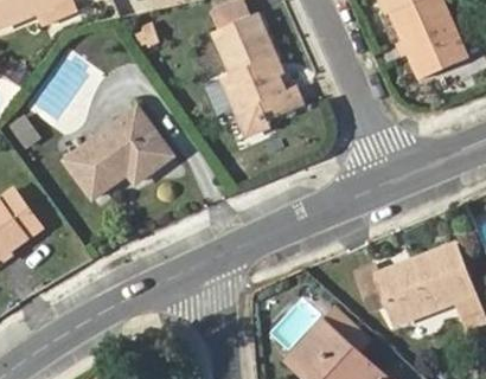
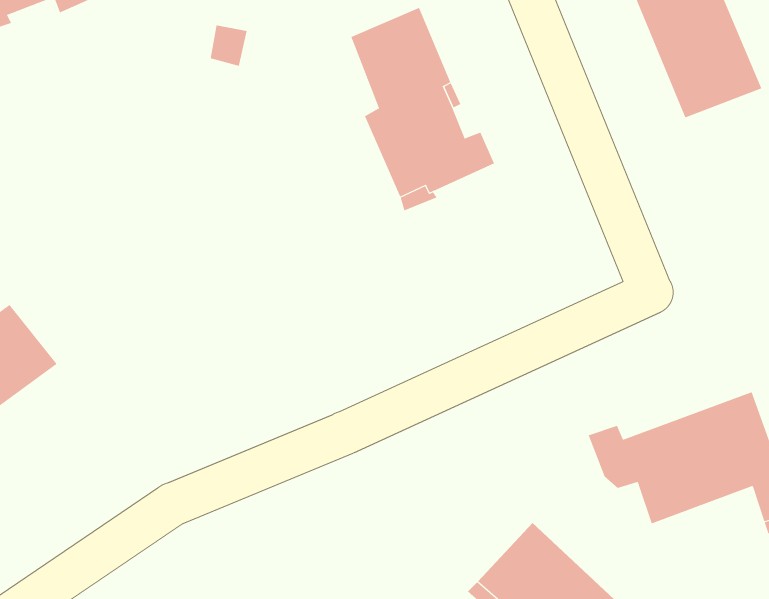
building: [66,109,173,198] -> none

